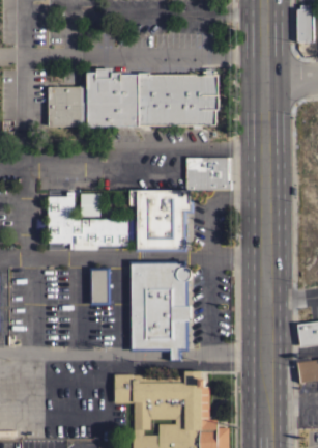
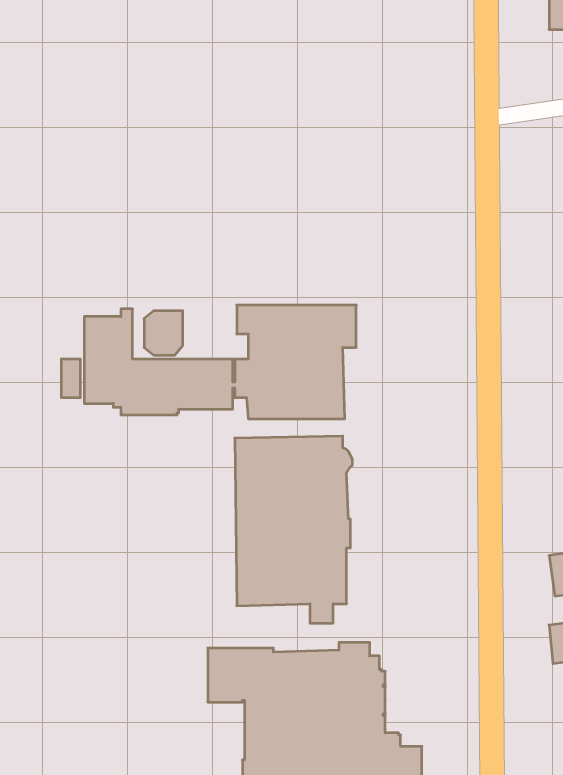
building: [47,68,220,128] -> none
building: [186,158,231,190] -> none
building: [89,268,111,305] -> none

